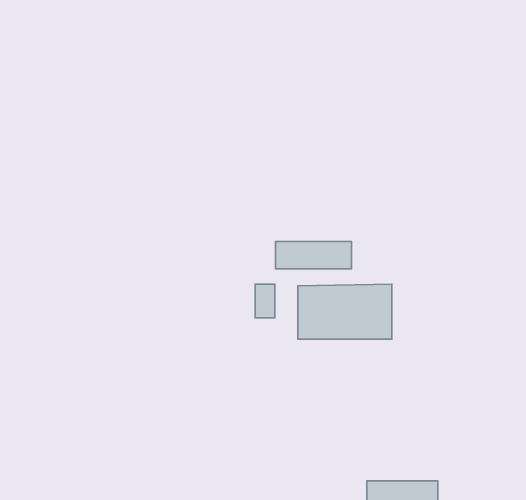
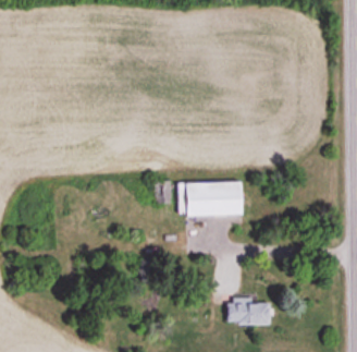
building: [275,242,351,269] -> none

